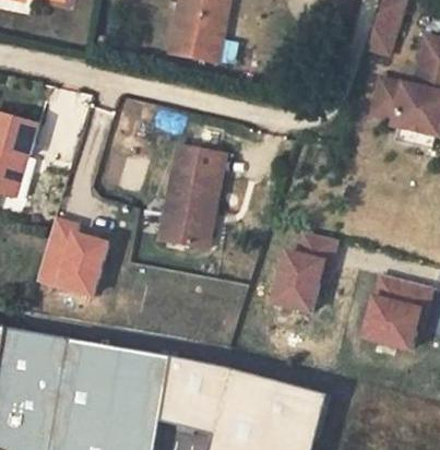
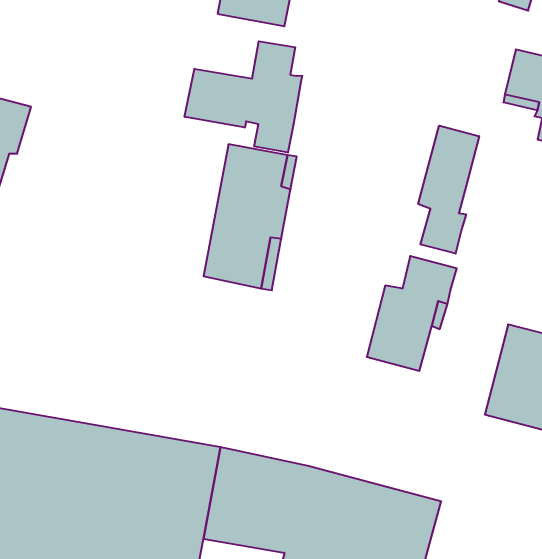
building: none -> [185,41,302,153]
building: none -> [418,126,479,254]
building: [38,212,108,288] -> none

